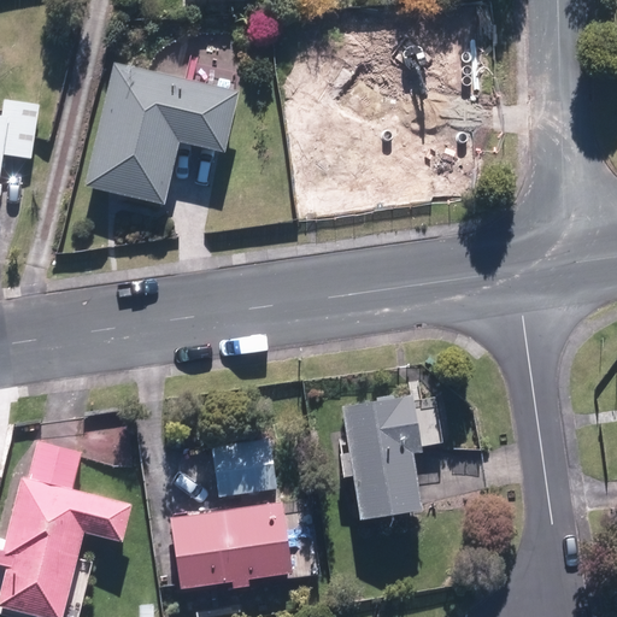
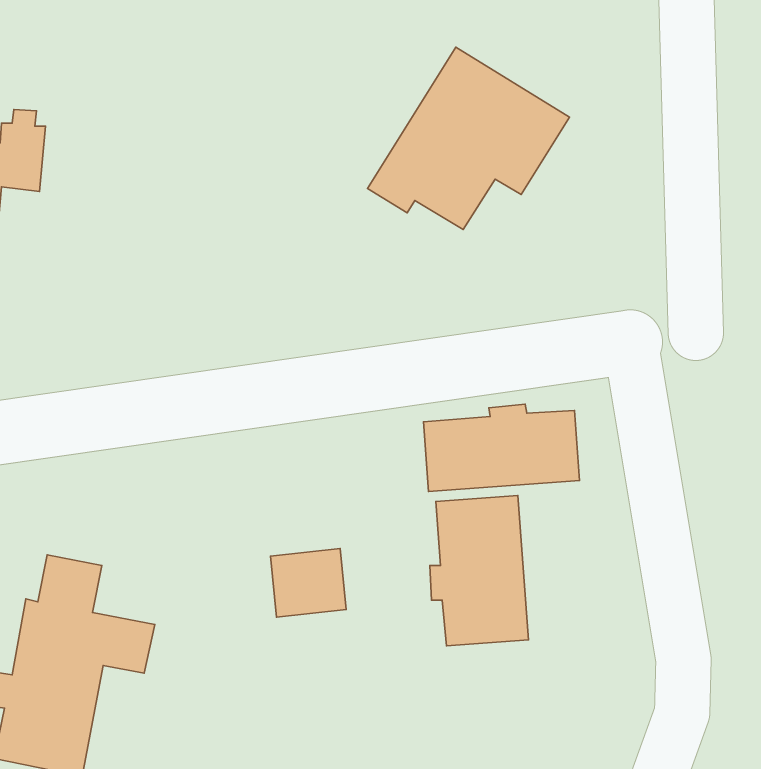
building: [89,57,241,201] -> none
building: none -> [423,404,580,492]
building: [169,506,281,586] -> none

